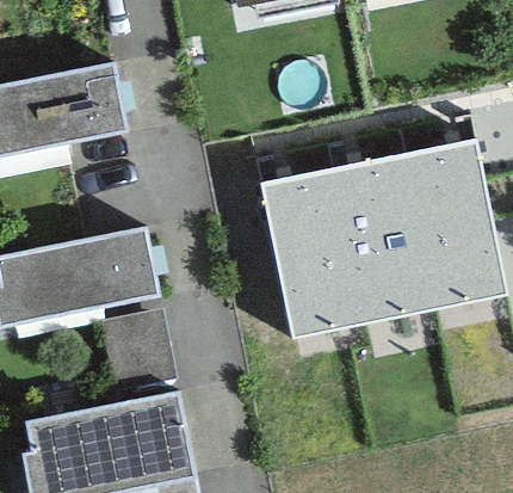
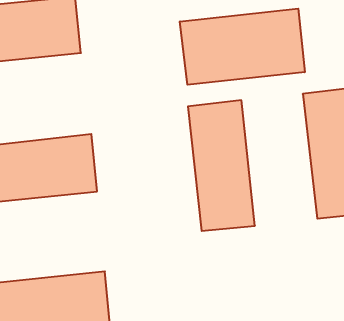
building: none -> [180,9,305,85]
building: [326,156,431,322] -> none

